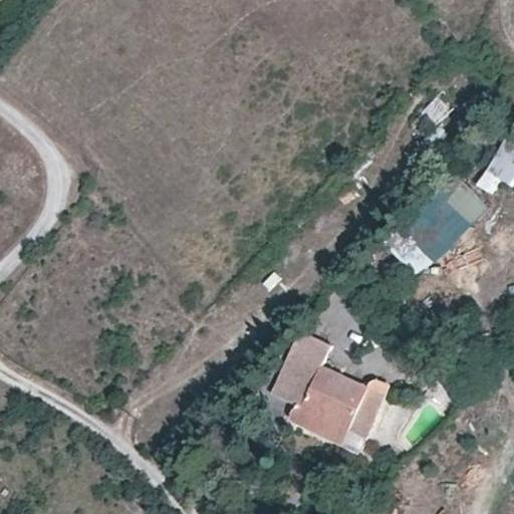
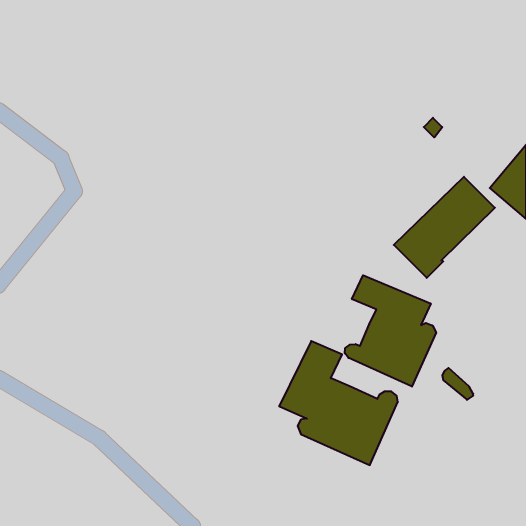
building: none -> [345,275,436,387]

